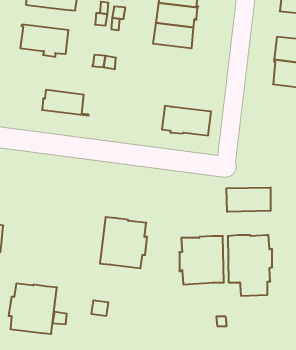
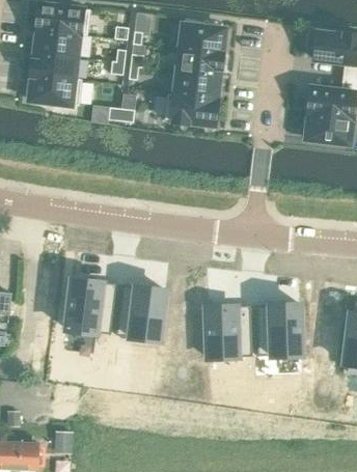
building: [42,90,89,116] -> [30,51,81,79]
building: [162,106,211,135] -> [163,92,217,124]
building: [226,187,271,212] -> none
building: [9,284,57,334] -> [63,278,116,333]

